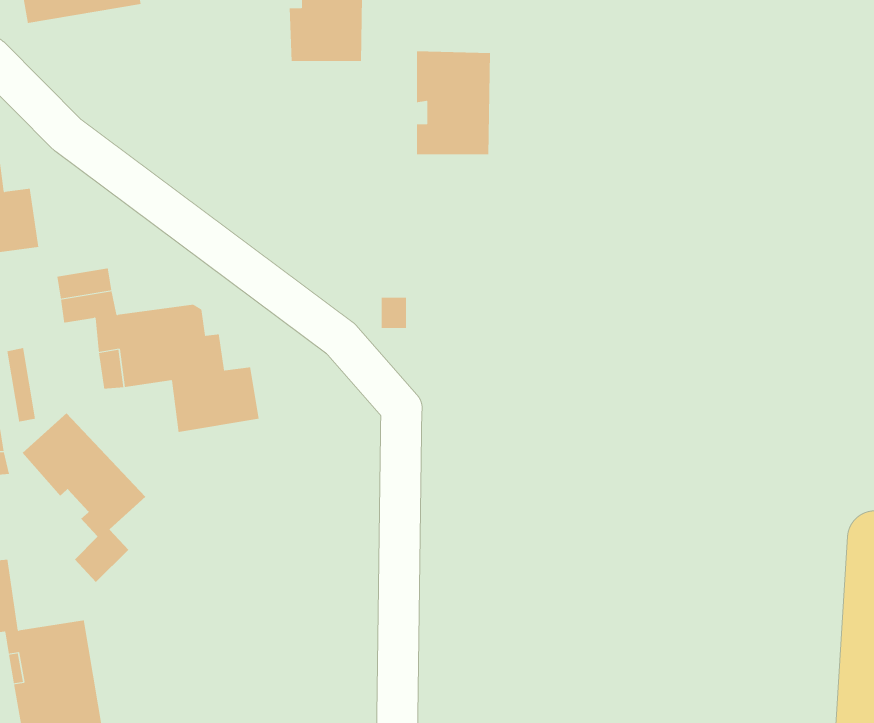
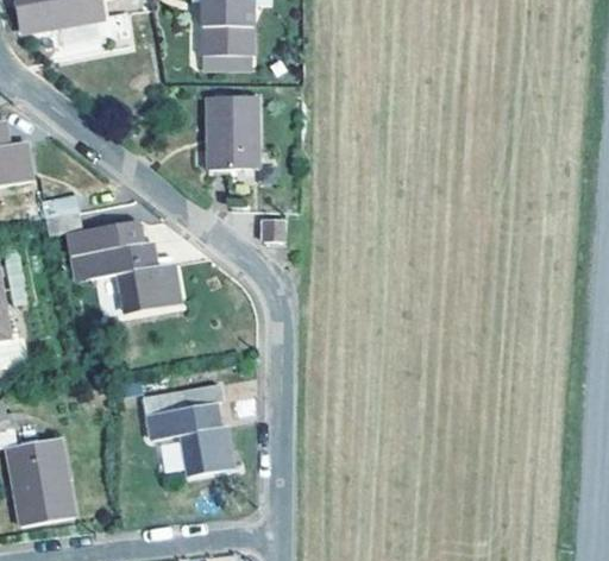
building: [416,51,491,155] -> [206,97,257,169]
building: [22,412,146,583] -> none
building: none -> [145,384,230,474]

